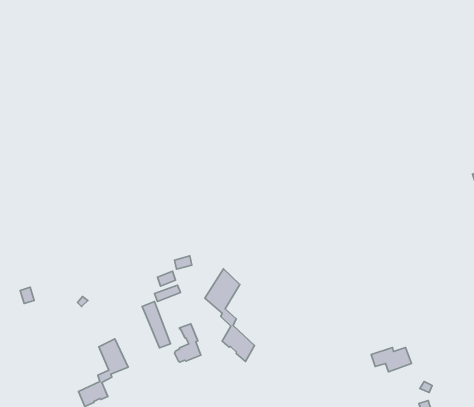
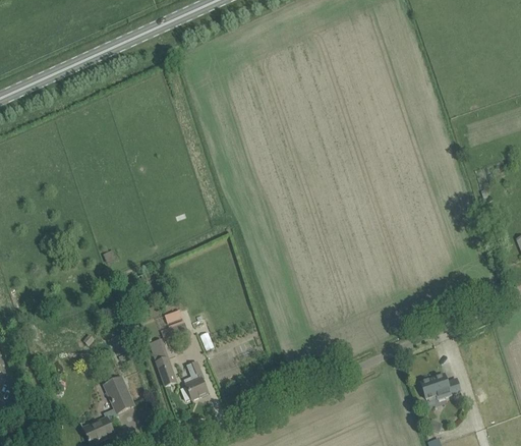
building: [205,269,254,362] -> none
building: [371,347,412,372] -> [419,374,460,398]

